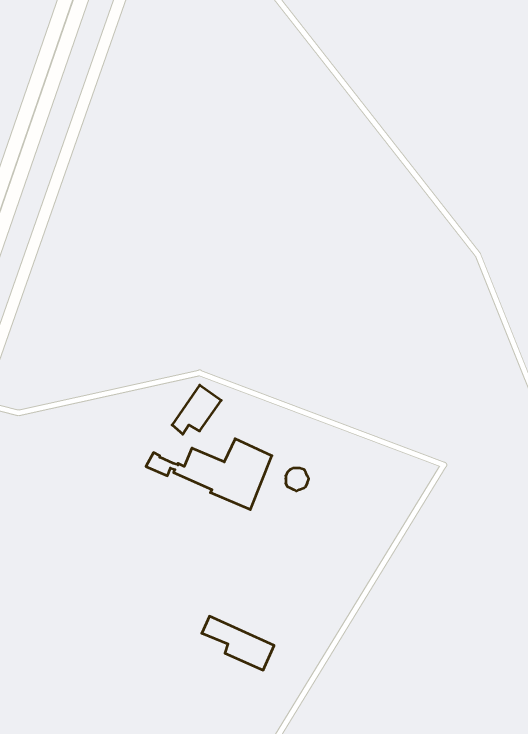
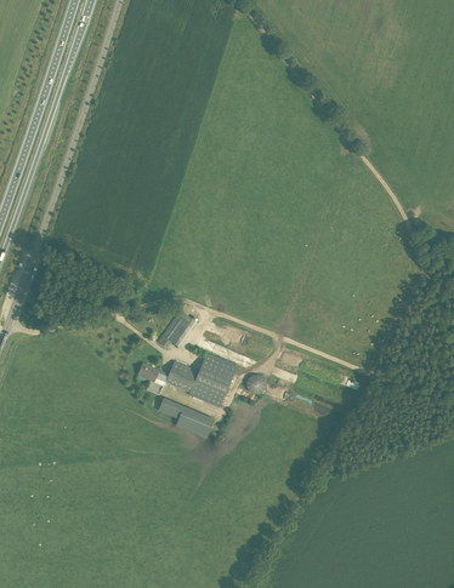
building: [202,616,274,670] -> [157,396,214,439]

